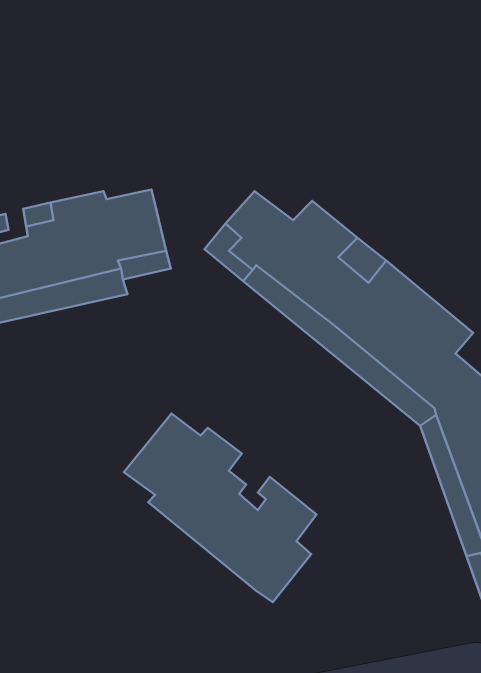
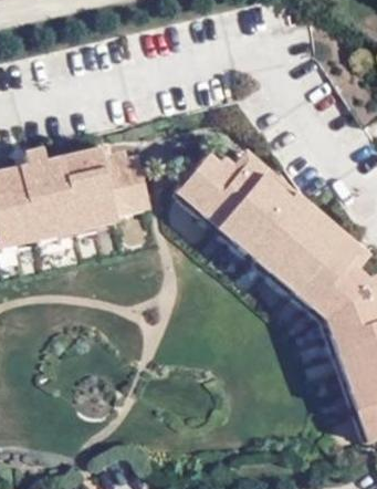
building: [124,414,316,602] -> none

